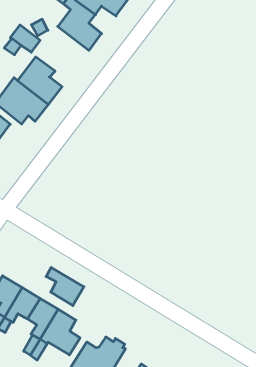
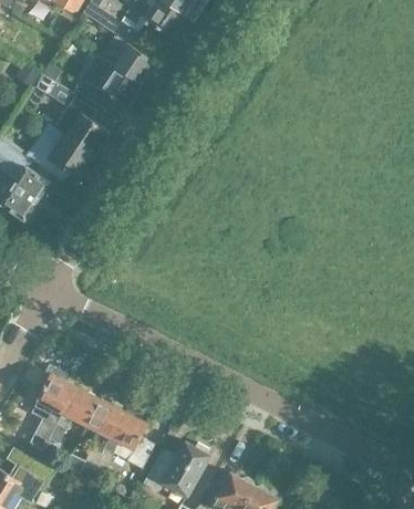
building: none -> [80,56,141,106]
building: [46,267,84,306] -> none

